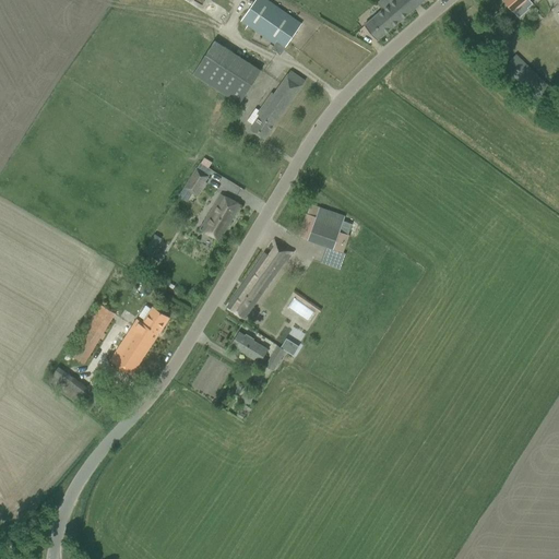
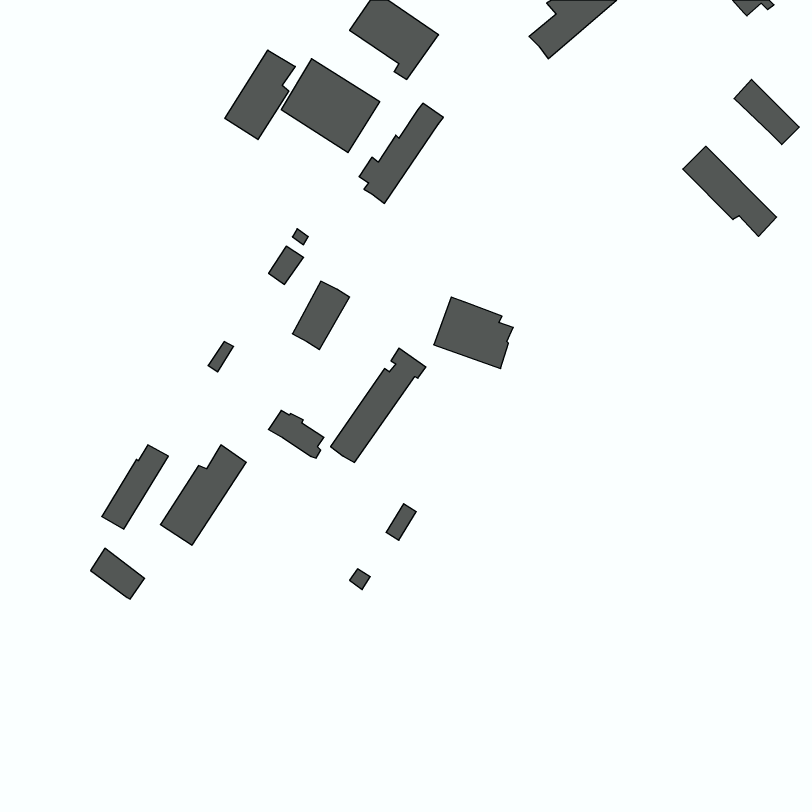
building: none -> [225,50,295,140]
building: none -> [683,146,777,236]
building: [230,332,269,365] -> [268,410,324,458]

